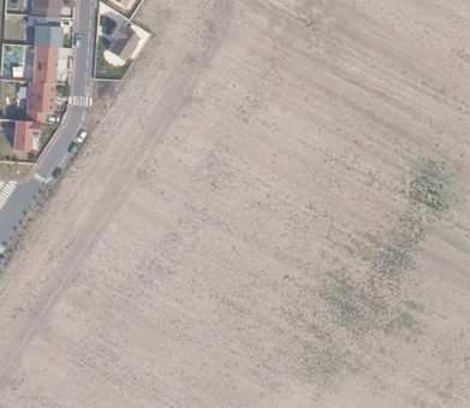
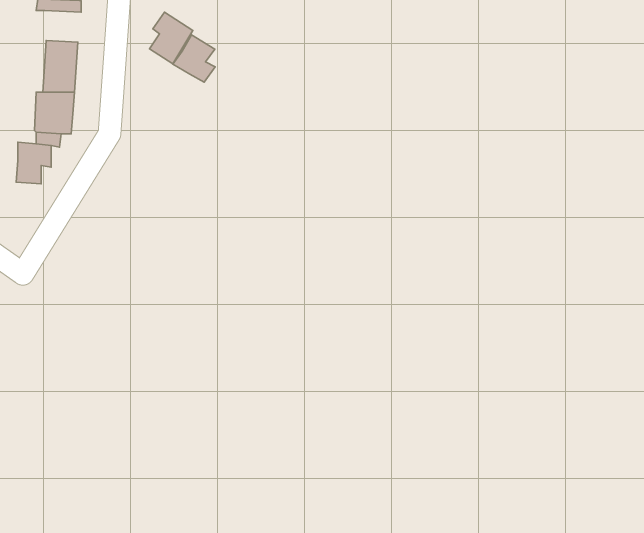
building: [32,23,61,46] -> none
building: none -> [173,35,215,82]

